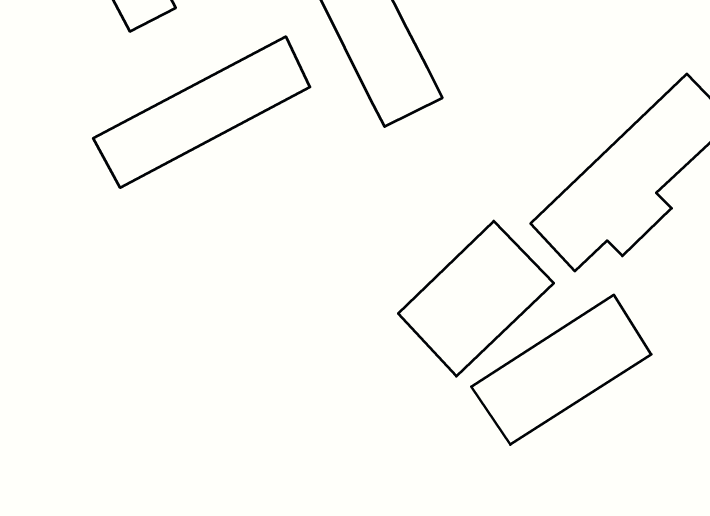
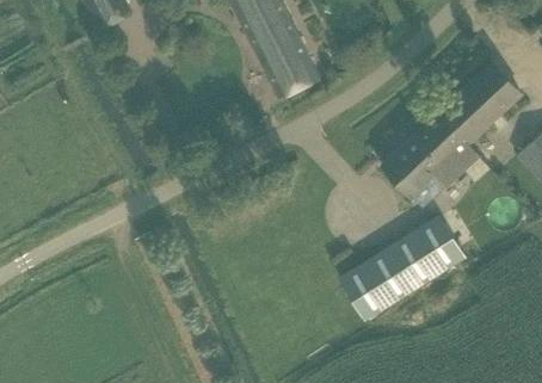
building: [93,37,310,188] -> none
building: [398,221,554,376] -> none

